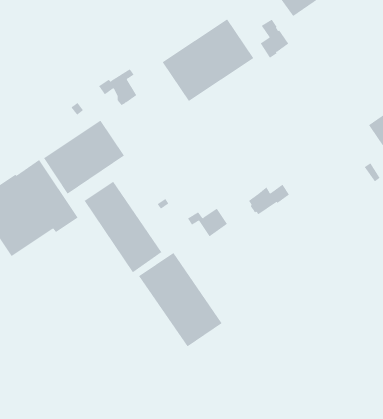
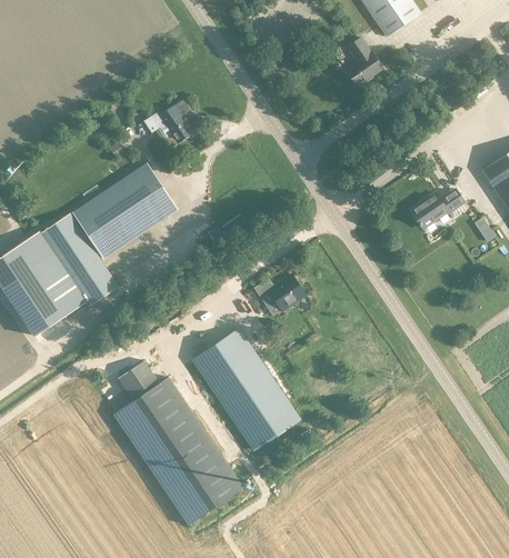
building: [162,19,254,102] -> none
building: [84,181,162,273] -> none
building: [248,184,290,215] -> [412,188,465,227]
building: none -> [113,360,243,524]

